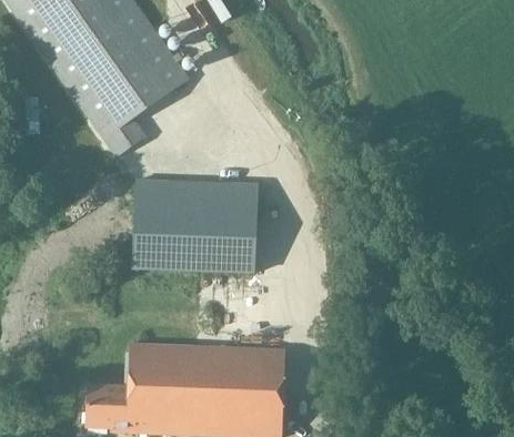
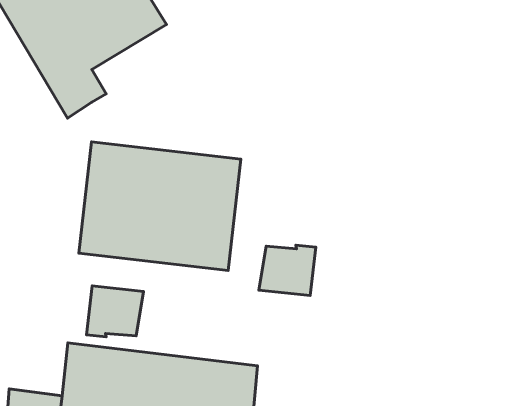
building: none -> [259,245,316,296]
building: none -> [87,286,144,337]

